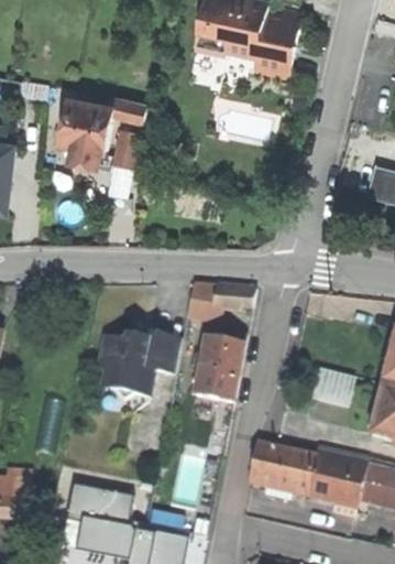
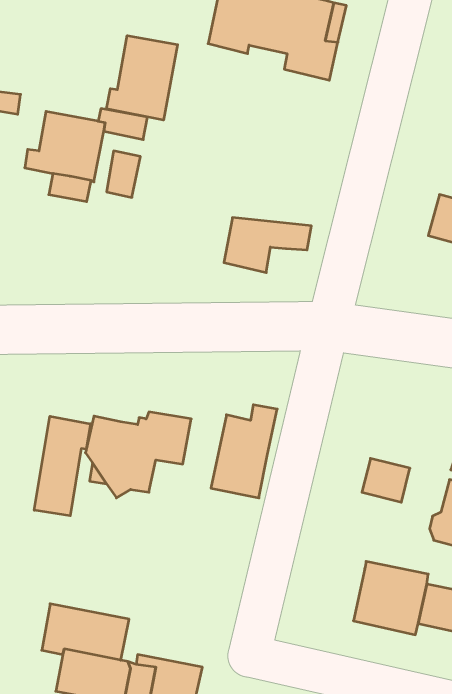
building: none -> [107,36,178,120]
building: [186,281,254,324] -> [224,218,311,273]
building: none -> [34,416,90,516]
building: [248,443,316,496] -> none

